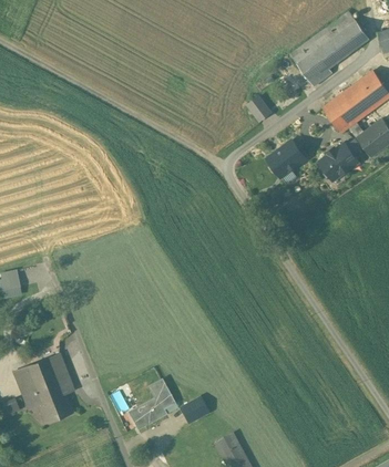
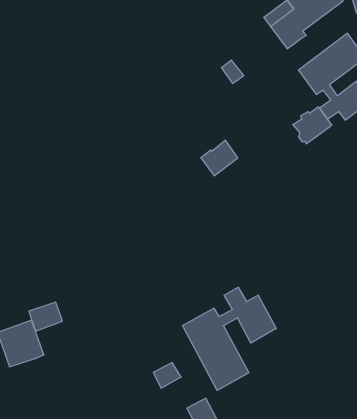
building: [267,139,304,175] -> [201,140,238,176]
building: none -> [182,287,276,390]
building: [131,380,174,428] -> none
building: [38,393,71,422] -> [29,302,62,331]

